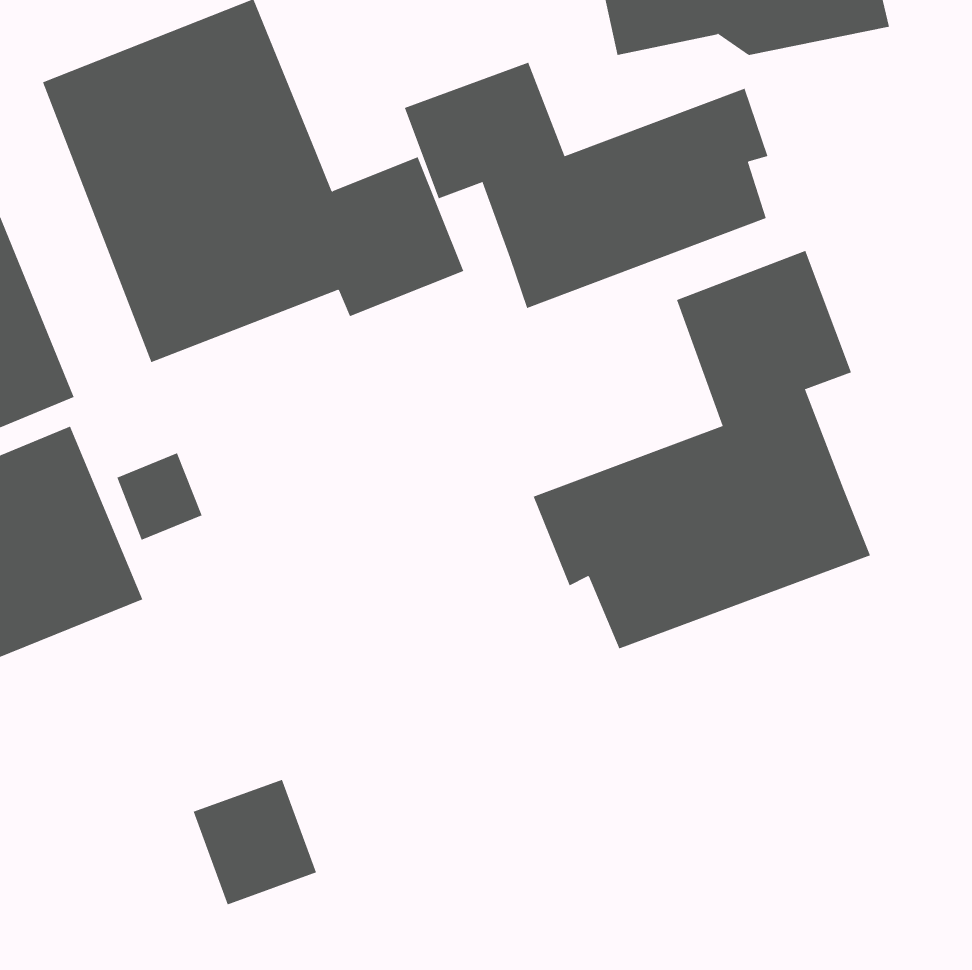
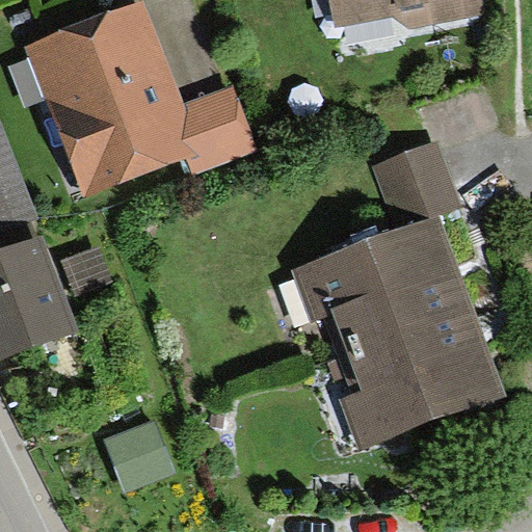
building: [404,62,768,309] -> none
building: none -> [334,302,509,453]

